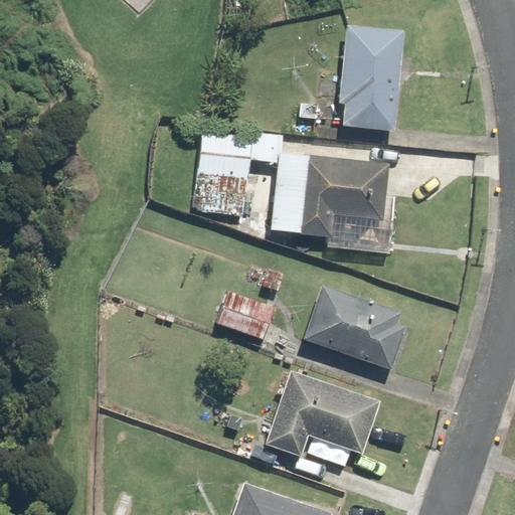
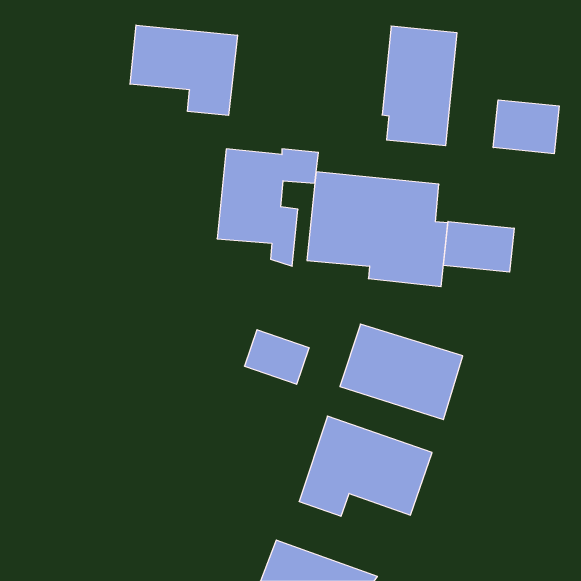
building: none -> [130,25,237,115]
building: none -> [493,100,559,154]
building: none -> [443,221,514,272]

